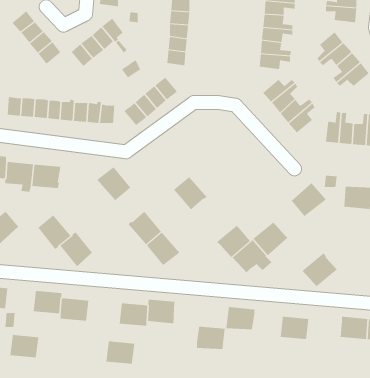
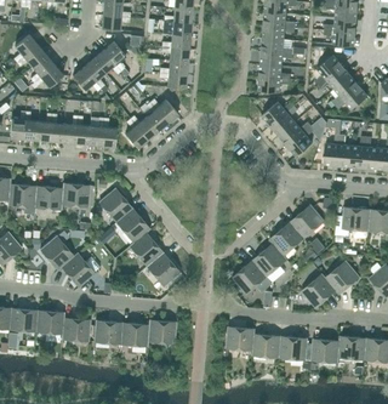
building: none -> [61,183,90,206]
building: [173,176,207,211] -> [116,209,150,243]
building: [216,225,251,258] -> [269,222,303,255]
building: none -> [325,260,360,294]
building: none -> [310,338,340,363]
building: [196,326,226,349] -> [252,334,281,357]
building: [10,335,39,358] -> [8,308,38,331]
building: [106,341,135,364] -> [93,320,122,343]

